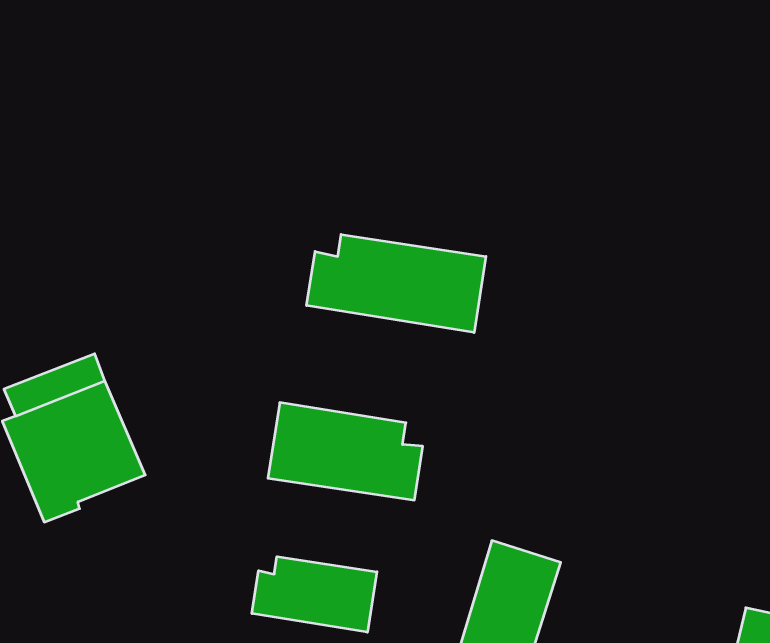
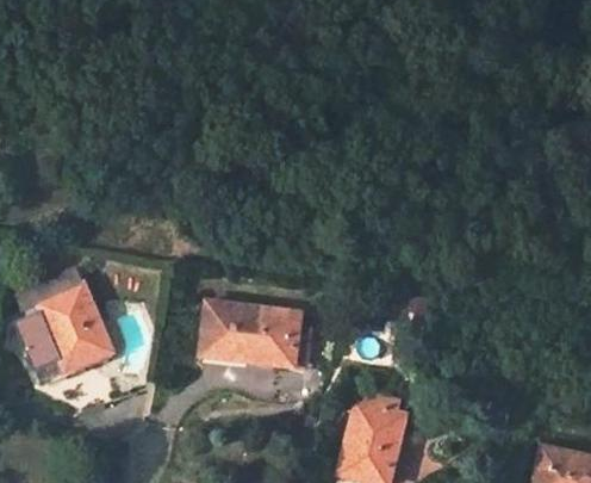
building: [307,234,486,333] -> none
building: [252,557,377,632] -> none

